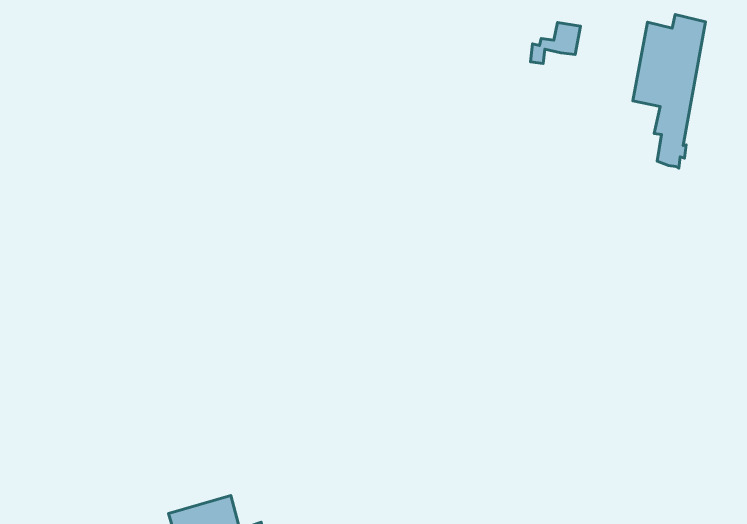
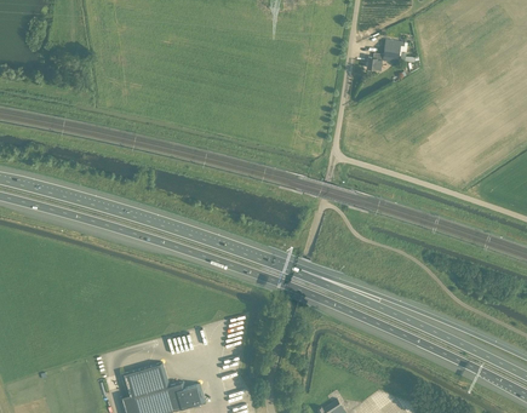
building: [633,15,706,168] -> none

